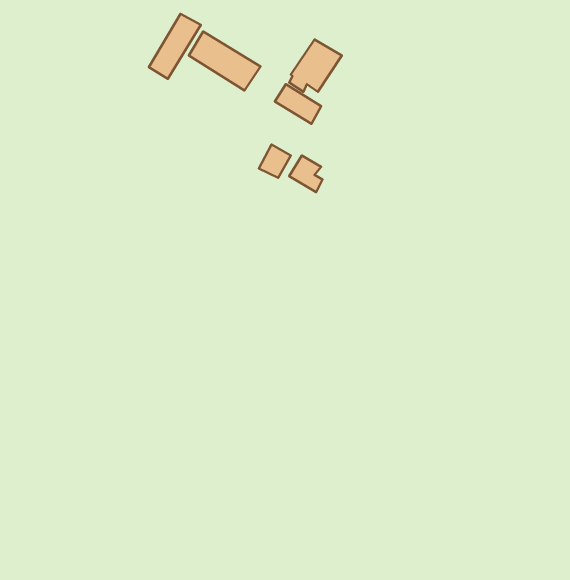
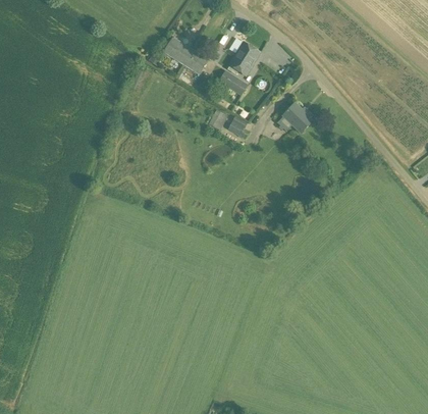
building: [149,14,201,79] -> none
building: none -> [282,101,315,132]

